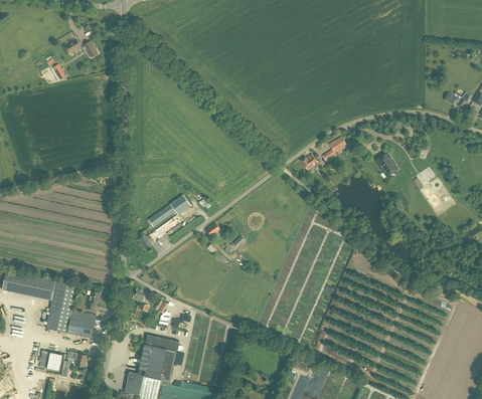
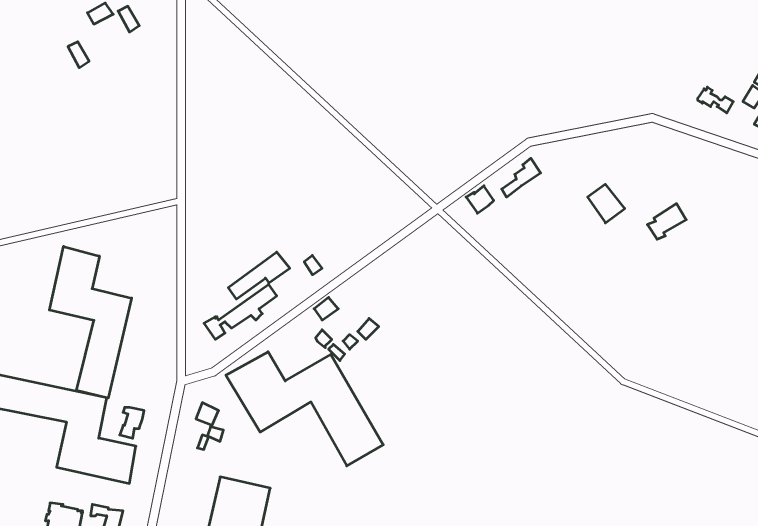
building: none -> [49,246,132,398]
building: none -> [226,352,383,466]

